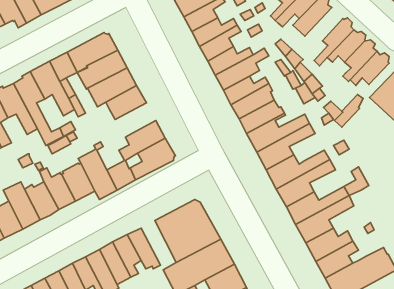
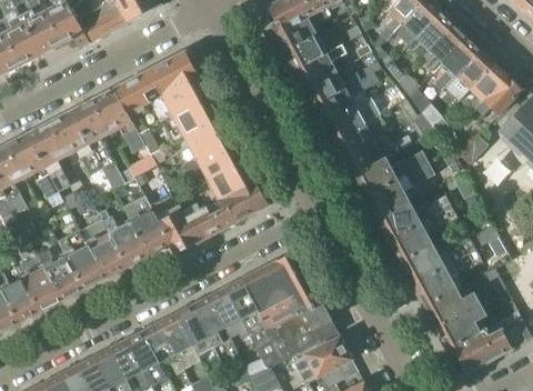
building: none -> [422,22,467,62]
building: none -> [182,137,243,176]
building: none -> [225,278,268,337]

